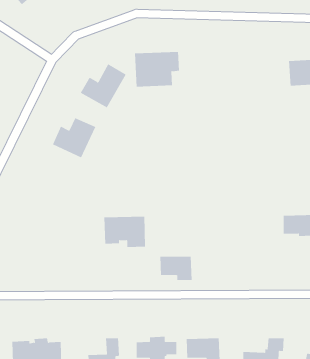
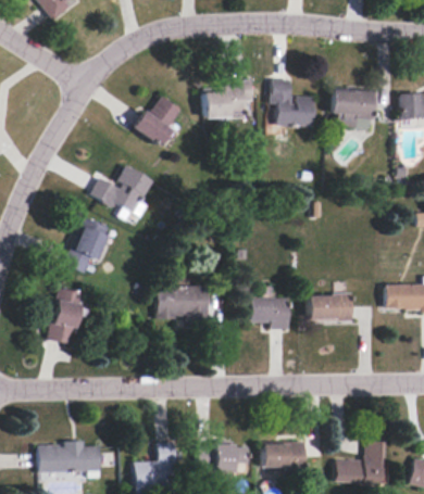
building: none -> [269,74,310,130]
building: none -> [325,83,378,128]
building: none -> [63,211,120,273]
building: none -> [49,289,93,344]
building: none -> [310,294,353,324]
building: [159,256,192,281] -> [249,300,291,331]

